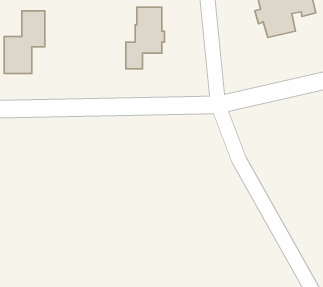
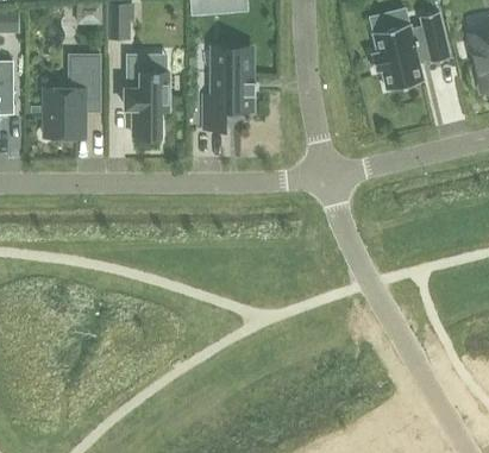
building: none -> [125,55,168,136]

